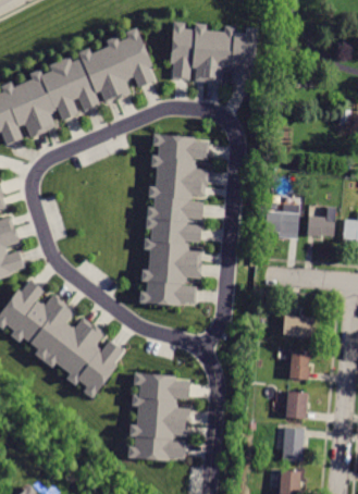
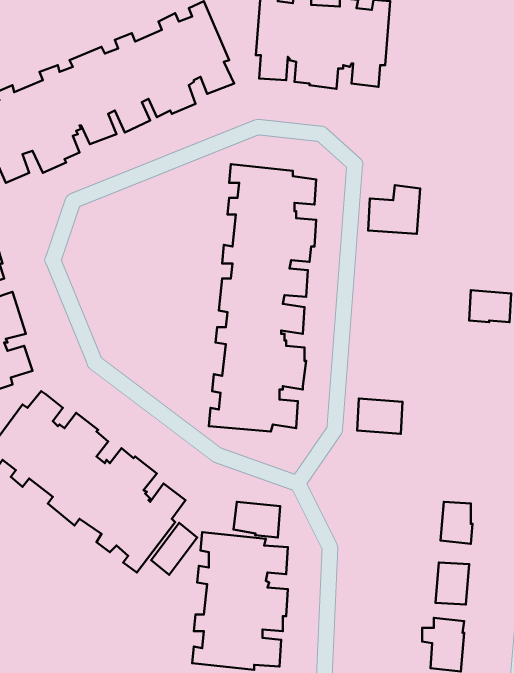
building: [267,201,300,233] -> [368,185,420,234]
building: [284,314,313,337] -> [357,399,402,434]
building: none -> [233,502,280,537]
building: none -> [151,523,197,575]

